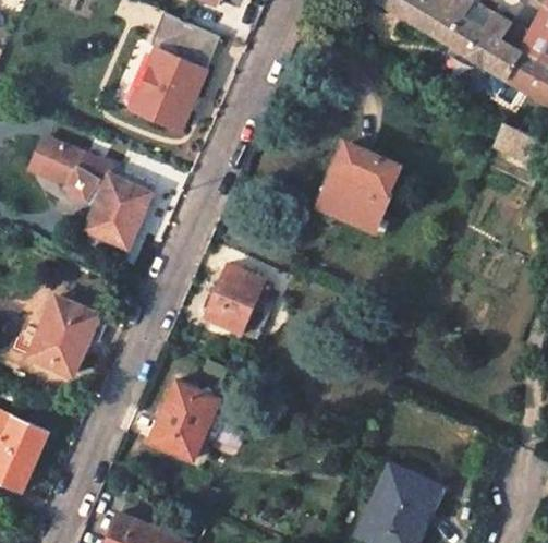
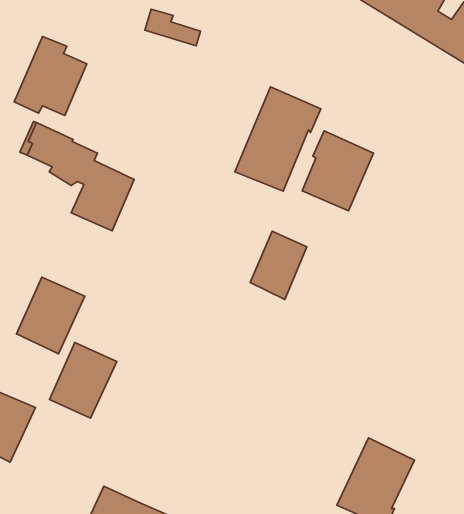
building: [126,44,202,125] -> [14,37,87,115]
building: none -> [235,87,321,191]
building: [203,264,261,335] -> [250,231,307,299]
building: [148,379,218,458] -> [49,343,117,418]

